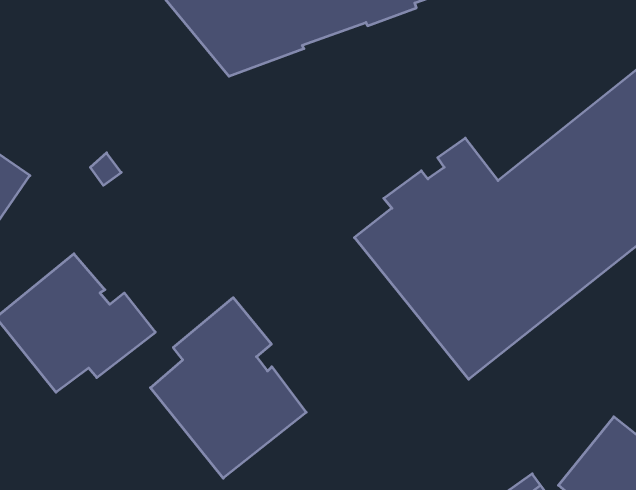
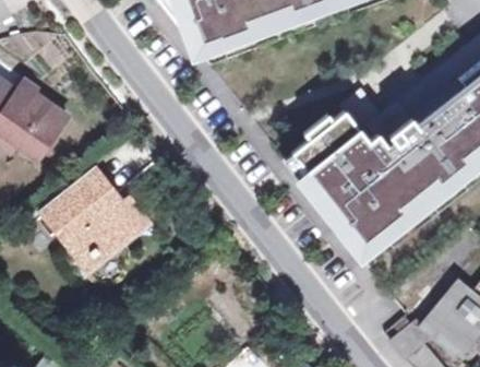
building: [150,298,306,478] -> none

